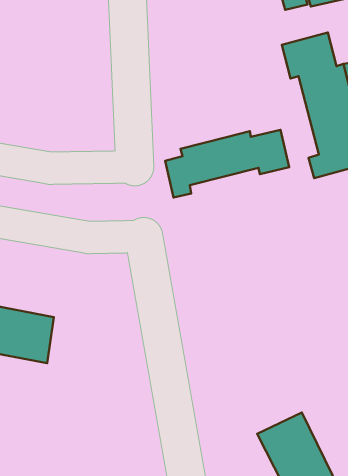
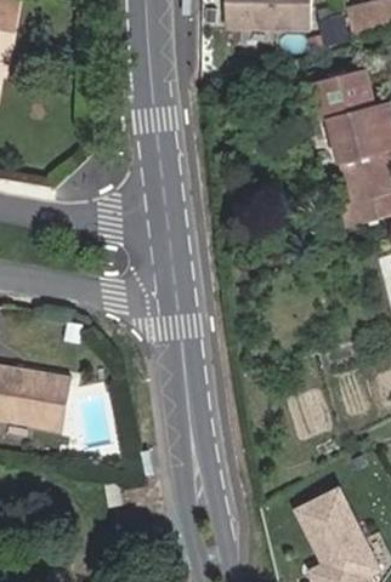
building: [165,130,289,198] -> none

